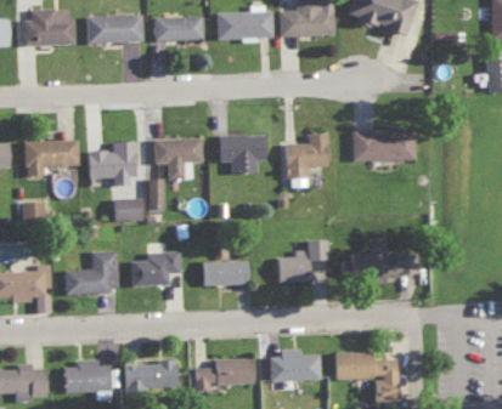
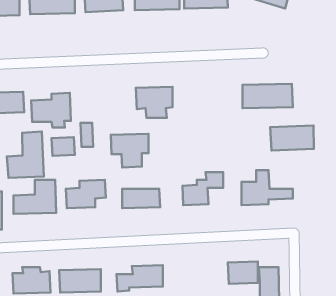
building: [286,135,328,188] -> none
building: [154,138,202,181] -> [111,134,149,168]
building: none -> [270,125,314,150]
building: none -> [7,131,44,178]
building: [270,350,321,382] -> none

